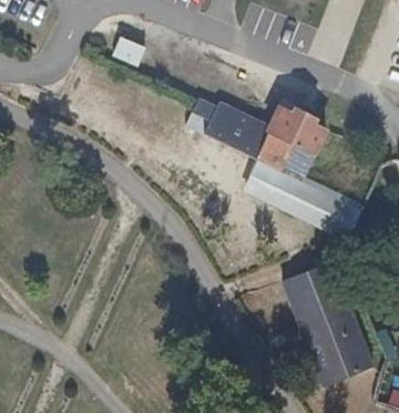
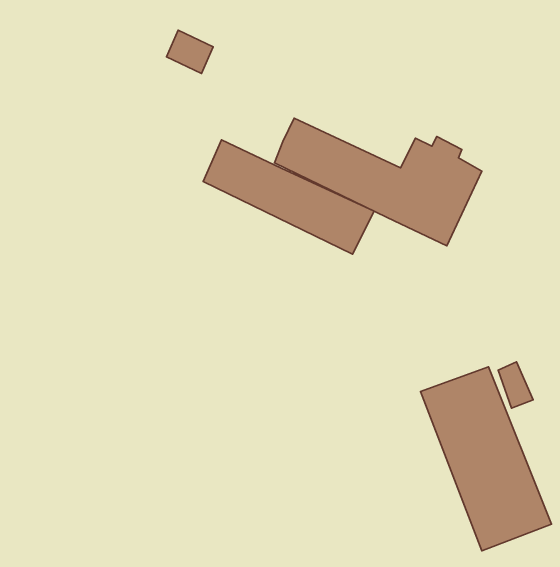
building: [249,162,364,239] -> [203,140,374,254]

